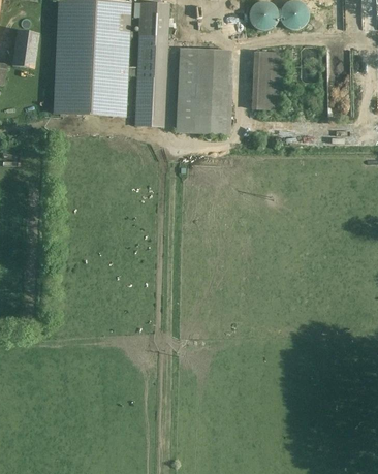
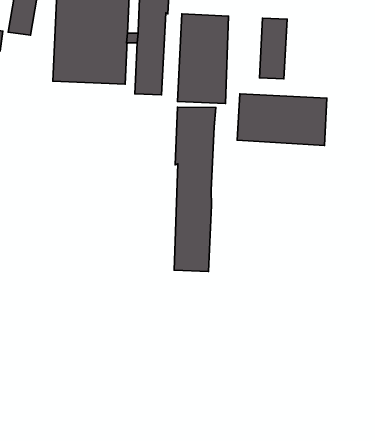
building: none -> [237,94,327,146]
building: none -> [174,107,216,272]

